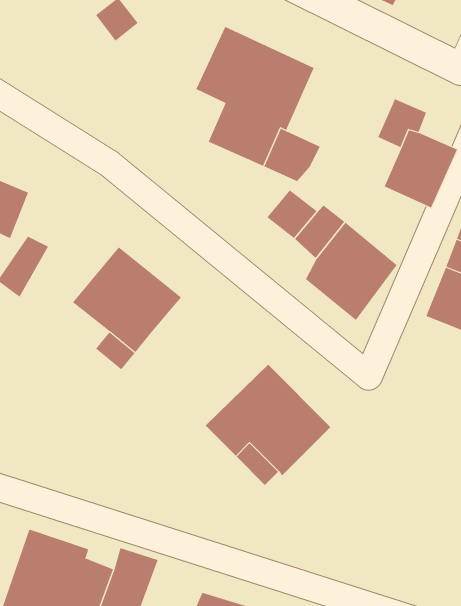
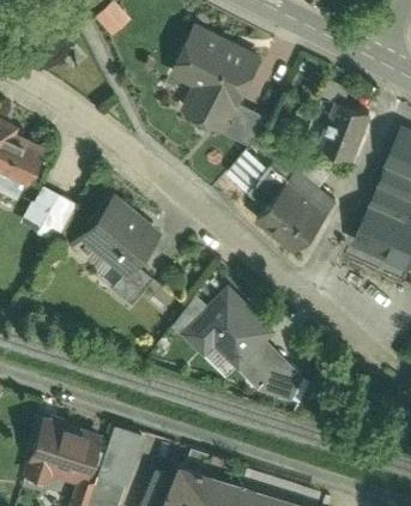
building: none -> [36,195,74,247]
building: none -> [115,265,155,307]
building: none -> [240,344,304,404]

